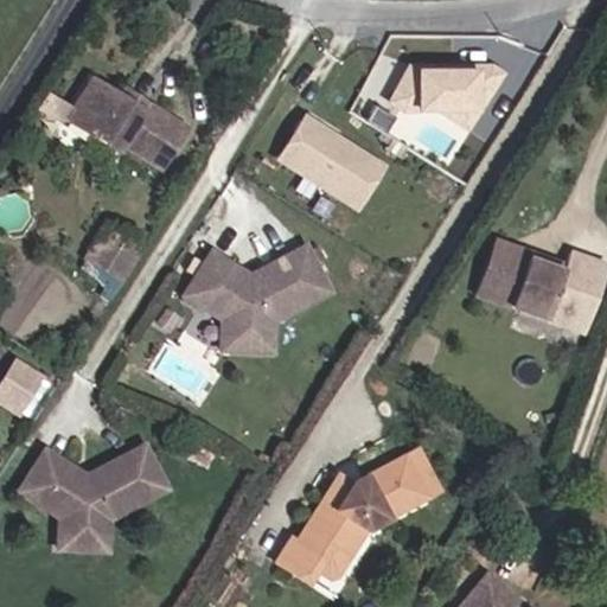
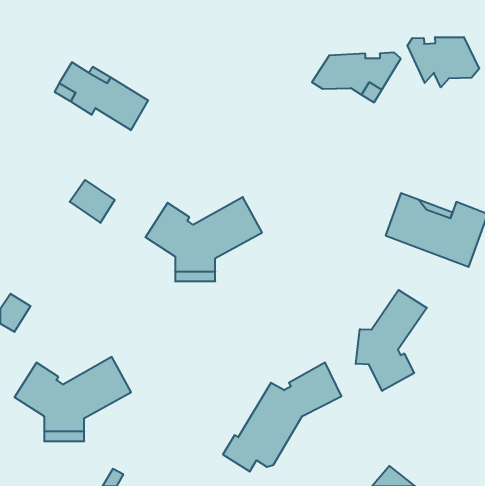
building: none -> [407,37,479,87]
building: [276,116,382,209] -> none
building: none -> [356,290,427,391]

